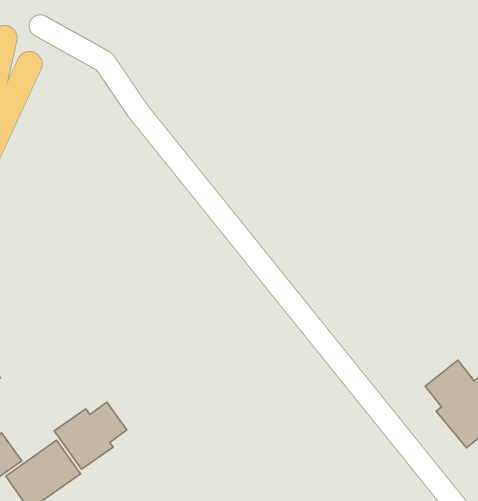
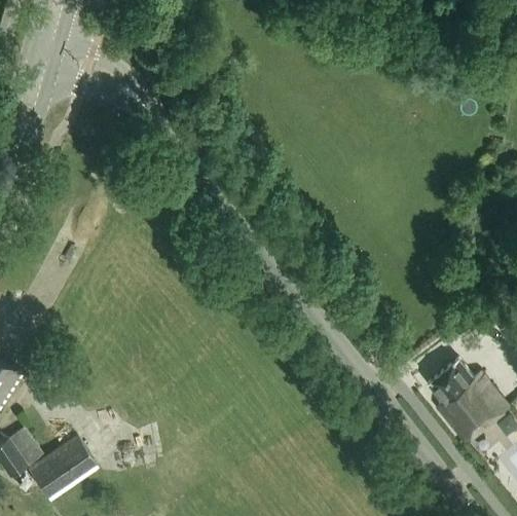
building: [54,402,127,469] -> none

